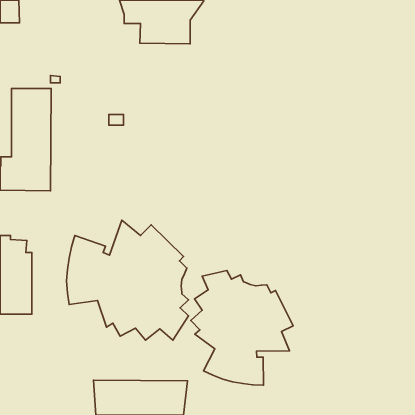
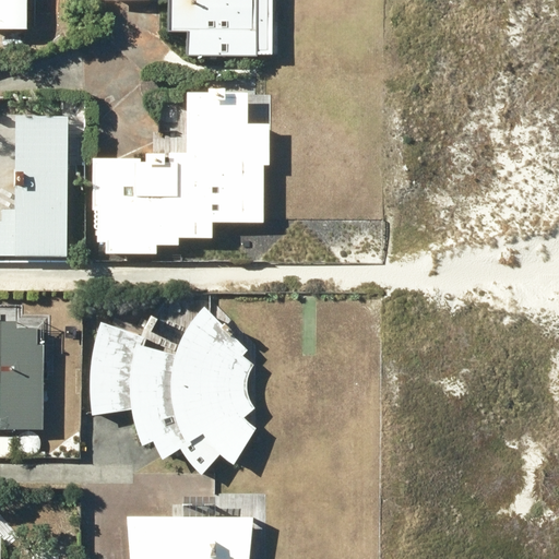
building: none -> [93,94,269,257]
building: [191,270,293,385] -> none

